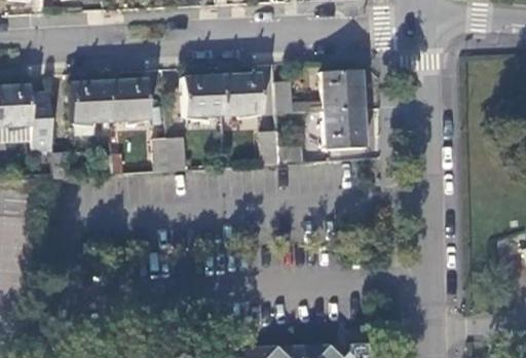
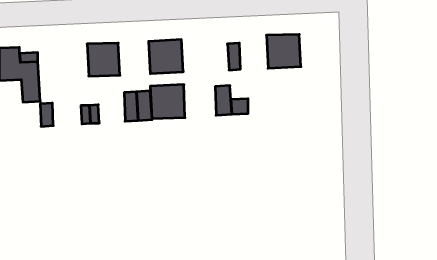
building: [221,74,262,114] -> [150,85,185,118]
building: [70,81,111,121] -> none
building: [324,108,364,149] -> none

